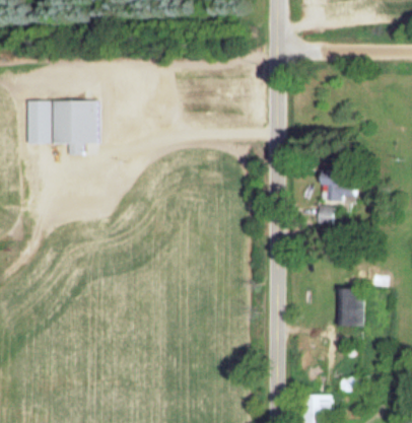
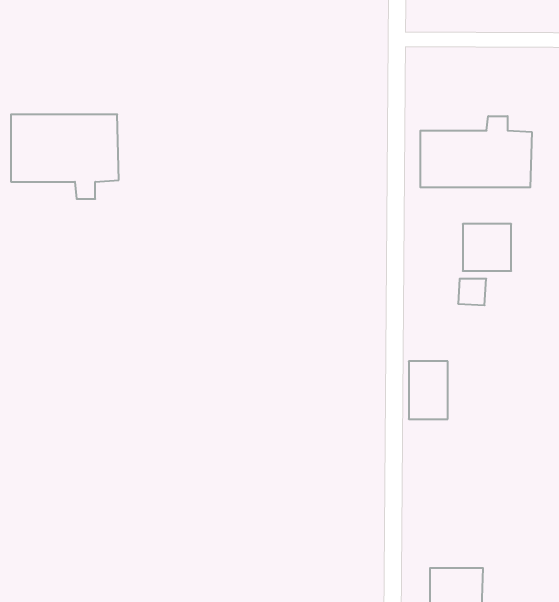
building: none -> [420,116,532,187]
building: [340,290,365,328] -> [409,361,448,419]

